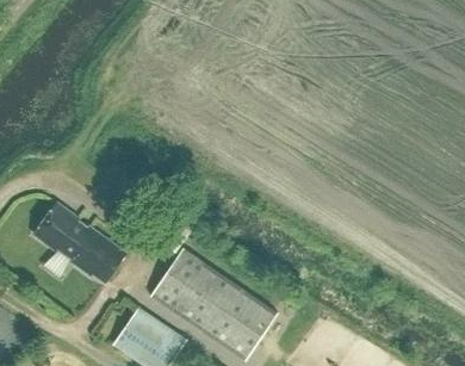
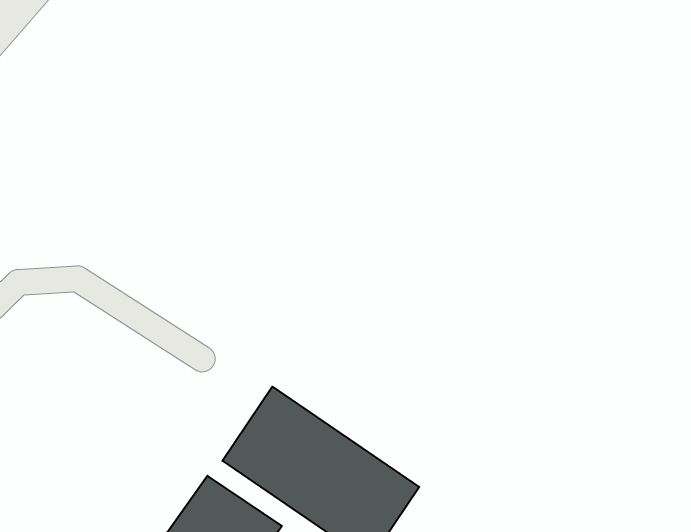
building: [33,201,129,283] -> none

